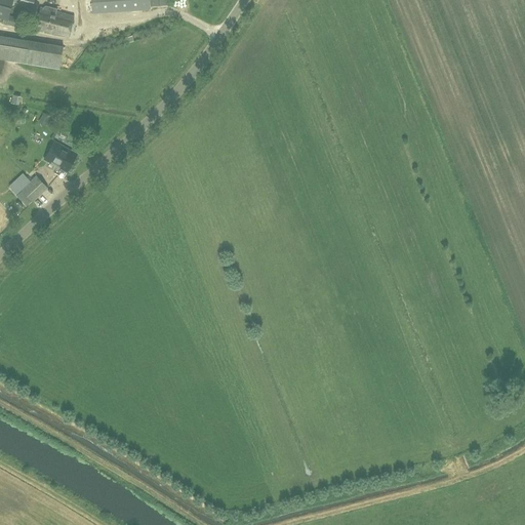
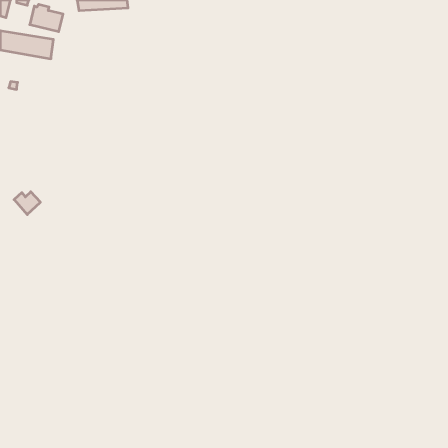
building: [44,142,77,172] -> none
building: [17,175,48,202] -> [14,192,40,215]

